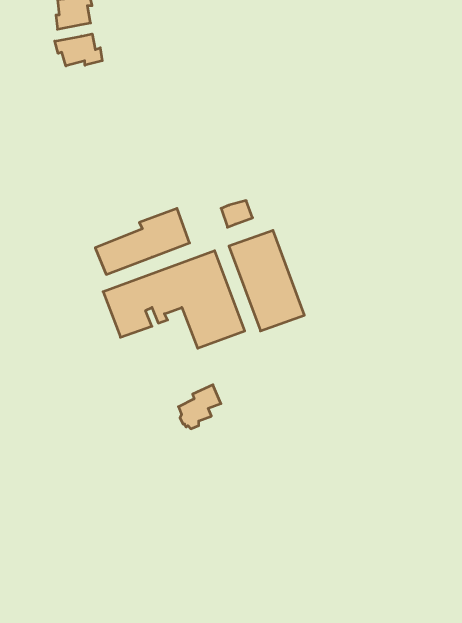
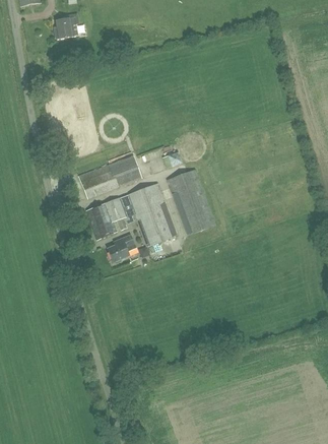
building: [55,34,102,66] -> none
building: [178,385,221,429] -> [108,234,135,262]

